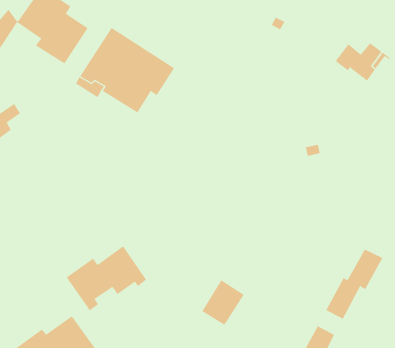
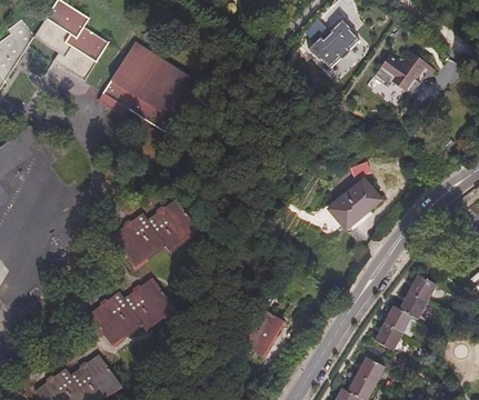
building: none -> [307,28,358,76]
building: none -> [323,188,377,238]
building: none -> [112,198,200,268]

